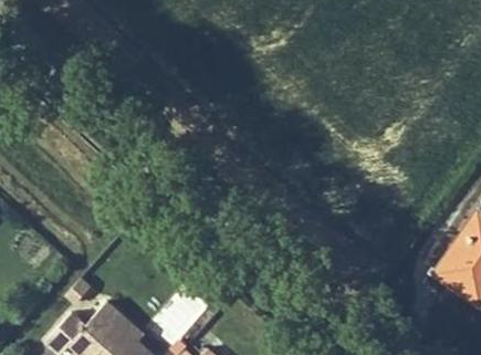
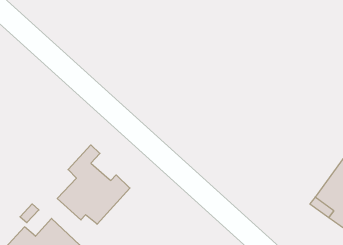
building: none -> [57,145,130,224]

